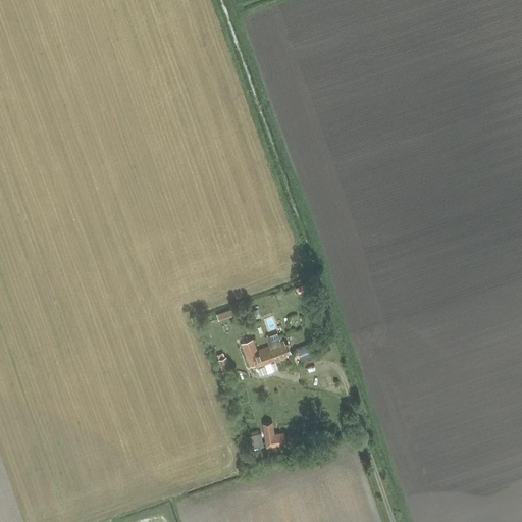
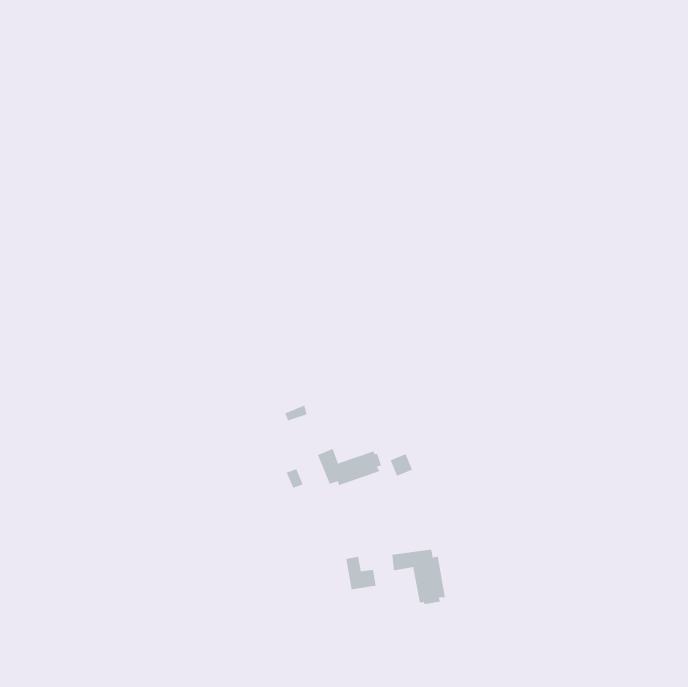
building: none -> [392,549,446,605]

